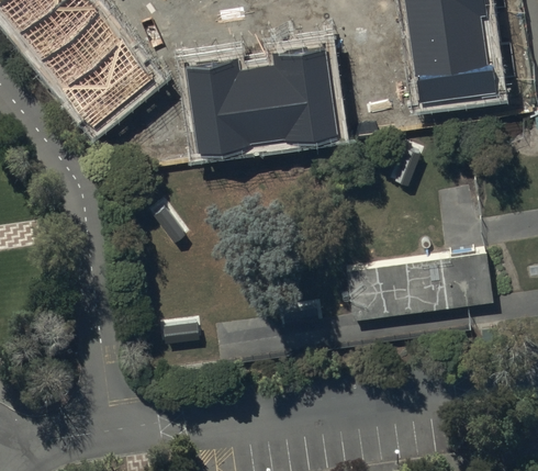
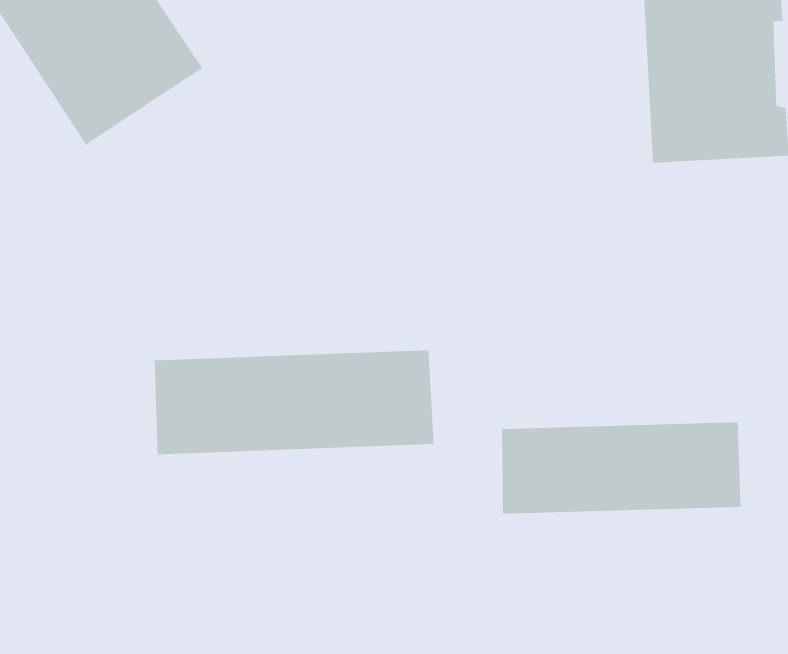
building: [186,48,341,157] -> none
building: none -> [154,350,434,455]

